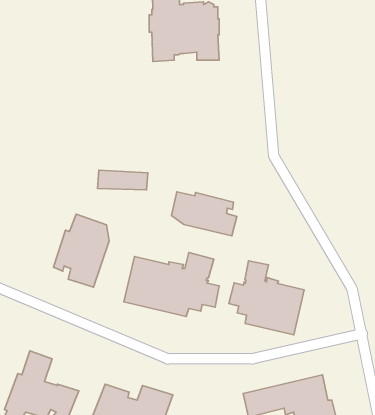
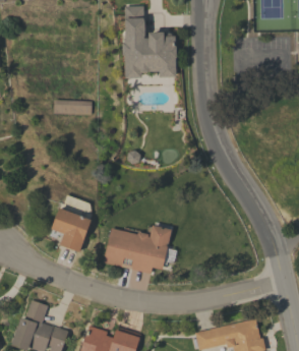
building: [97,170,148,190] -> [53,100,92,115]
building: [171,192,237,236] -> none
building: [229,261,304,335] -> none

